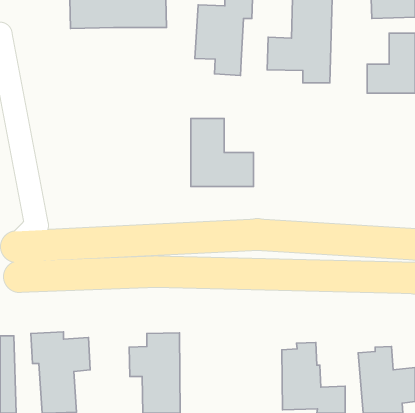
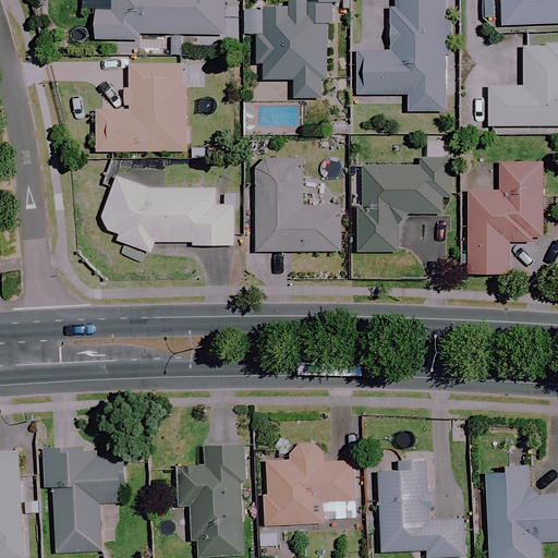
building: none -> [95,64,186,151]
building: none -> [353,158,456,250]
building: none -> [468,162,541,274]
building: none -> [104,179,232,252]
building: none -> [268,437,362,520]

